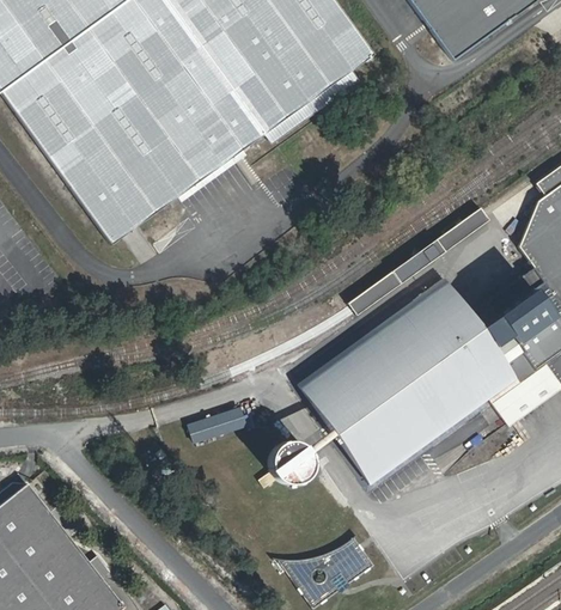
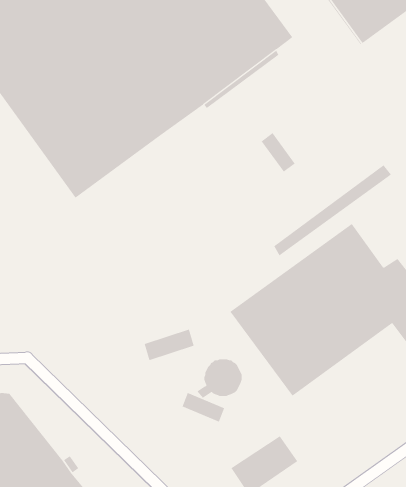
building: none -> [261,132,295,173]
building: none -> [182,392,225,422]

